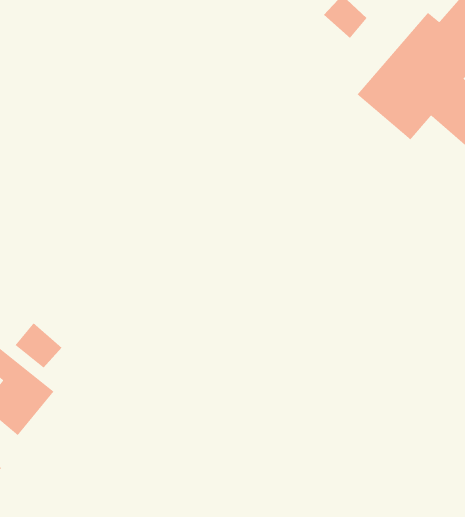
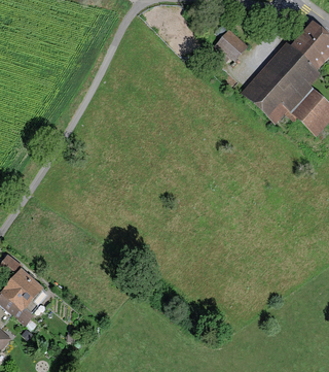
building: [15,322,63,369] -> none

